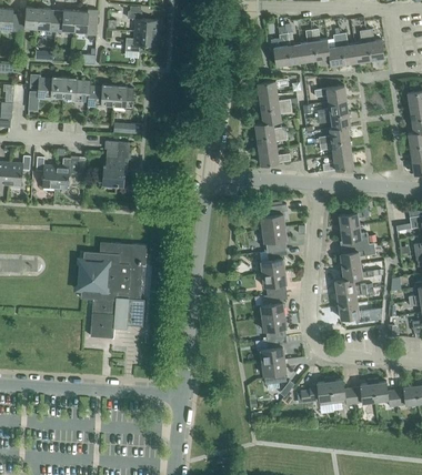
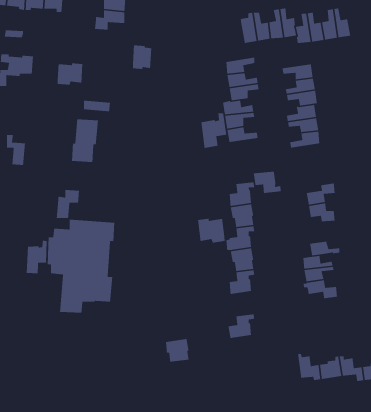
building: [63,78,90,102] -> none
building: [113,85,133,111] -> [132,45,152,70]
building: none -> [201,112,227,149]
building: [54,159,79,189] -> [56,189,80,219]
building: none -> [253,171,282,194]
building: none -> [197,218,226,244]
building: [340,243,376,266] -> none
building: none -> [26,240,47,274]
building: [262,315,287,340] -> none
building: [262,360,287,384] -> [165,338,189,362]
building: [298,377,333,405] -> none

